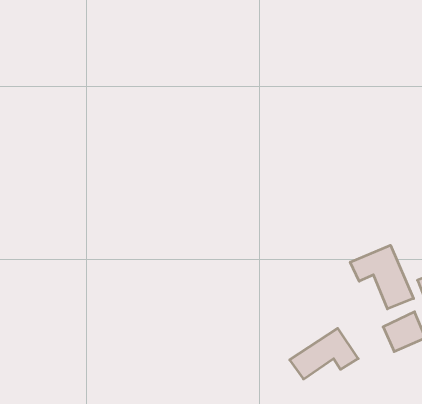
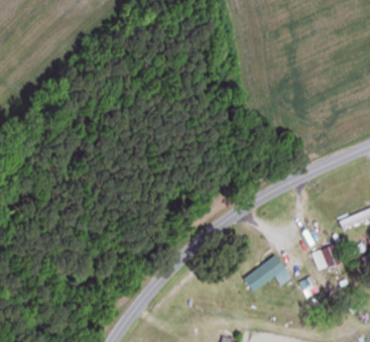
building: [350,245,414,309] -> none

